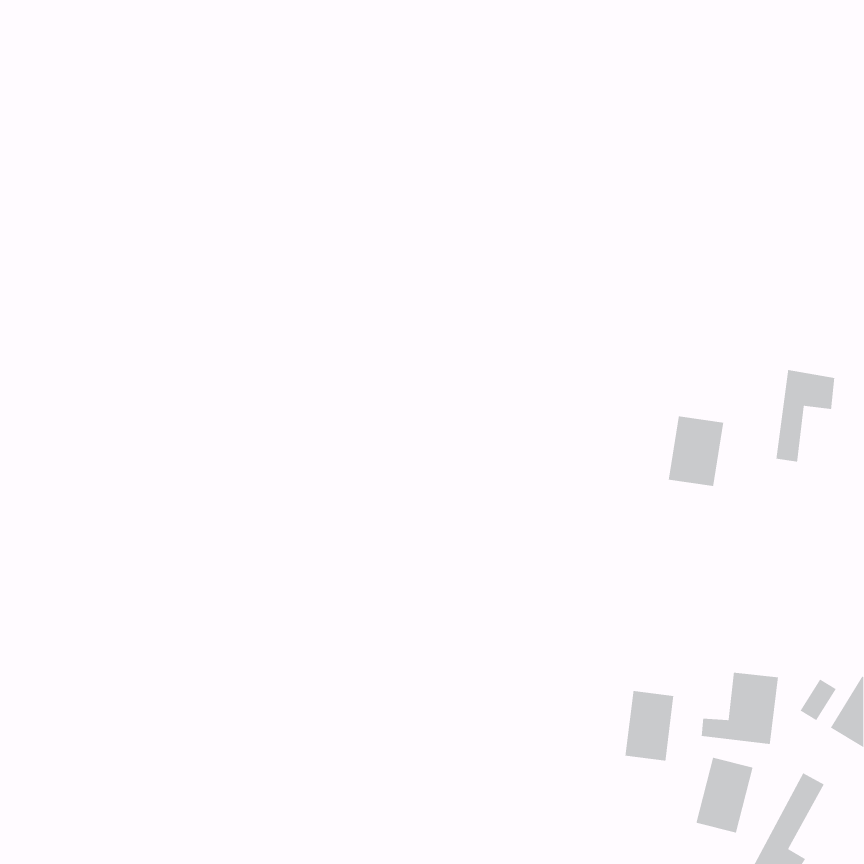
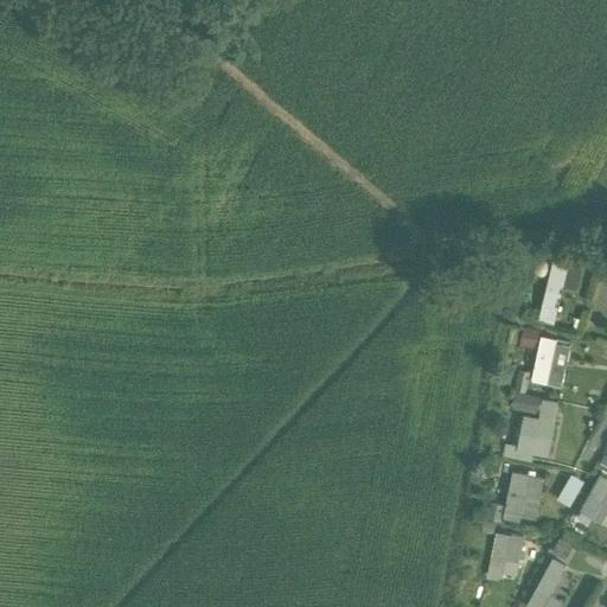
building: [668,415,724,487] -> [531,339,570,389]
building: none -> [511,394,560,458]
building: [625,690,674,761] -> none

